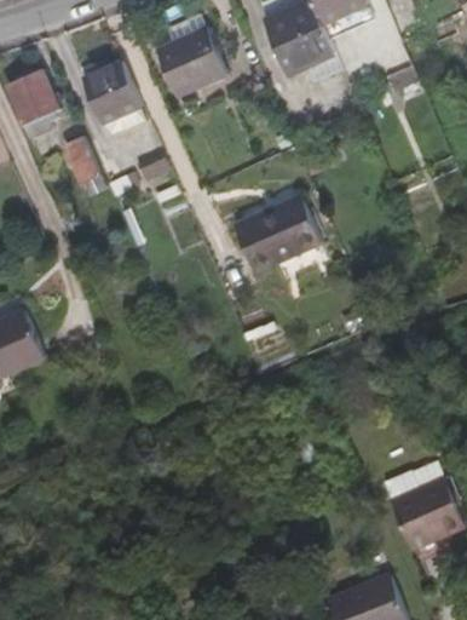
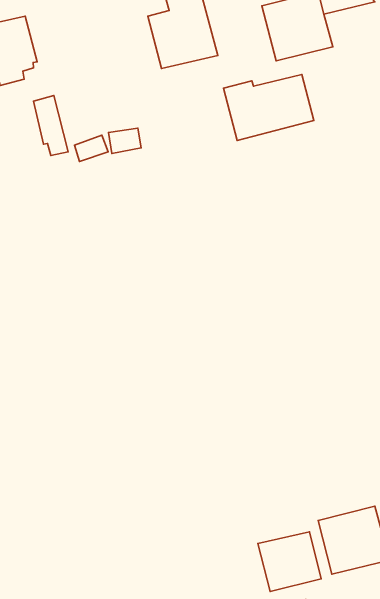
building: [85,64,142,126] -> none
building: [234,200,323,271] -> [224,75,314,140]
building: none -> [258,532,321,591]

